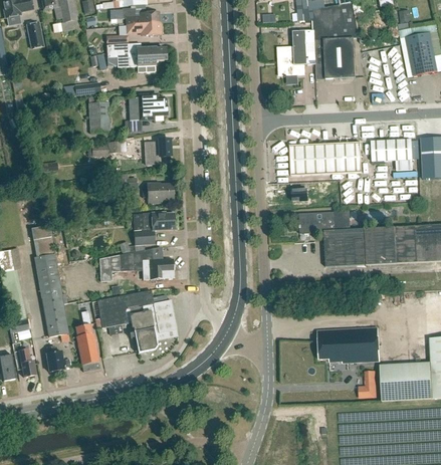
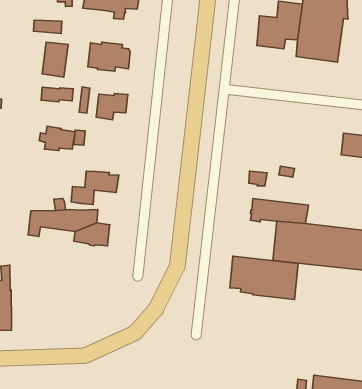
building: [289,141,362,175] -> none
building: [142,182,173,203] -> [39,126,75,150]
building: [96,289,178,352] -> none
building: [317,326,380,362] -> [230,256,298,300]

